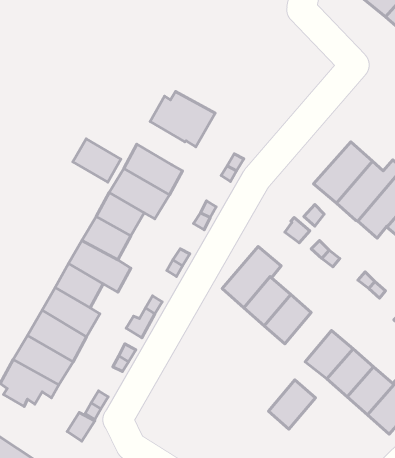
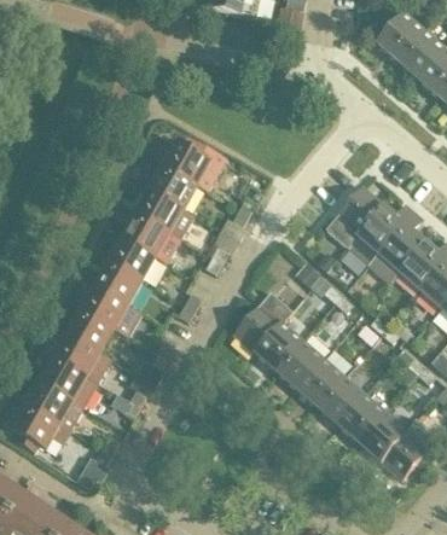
building: [73,139,121,182] -> [147,167,196,210]
building: [269,380,315,429] -> [296,359,343,408]

